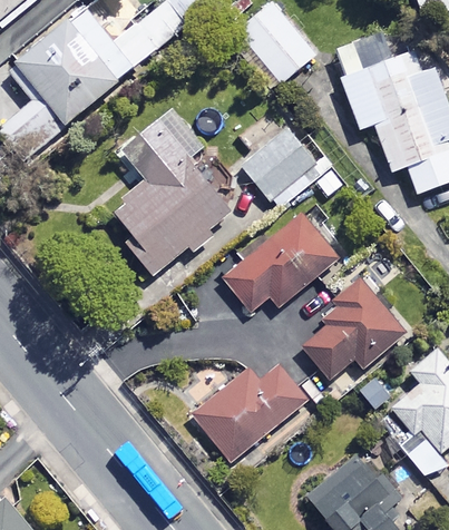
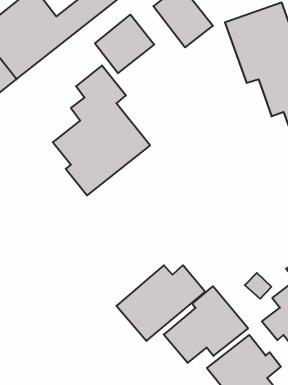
building: none -> [95,15,154,73]
building: [241,128,314,203] -> none
building: [219,208,339,312] -> none
building: [297,279,407,379] -> [164,286,248,363]

